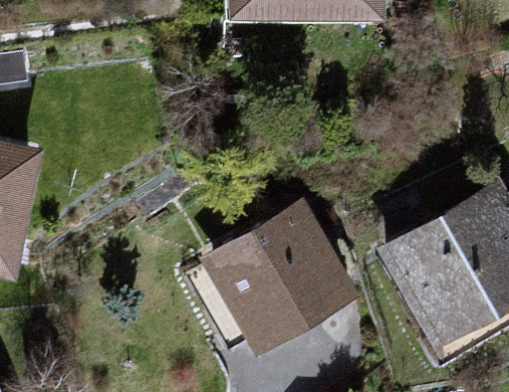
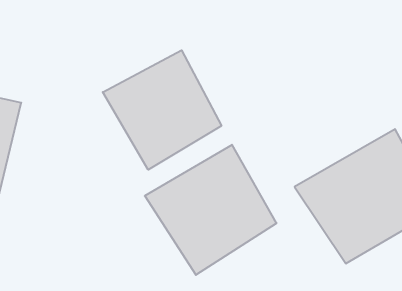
building: none -> [103,50,221,170]

